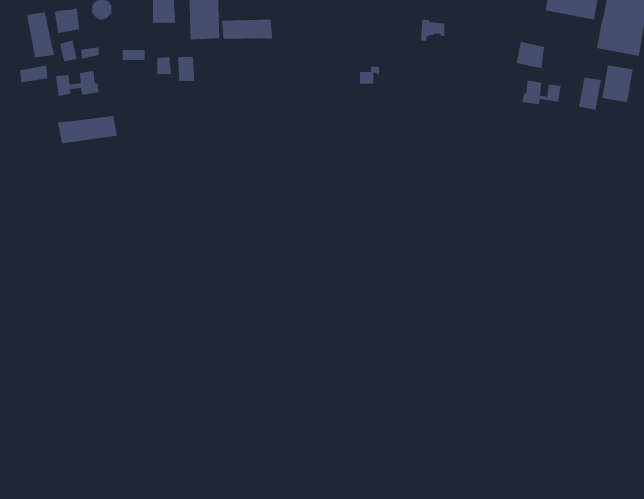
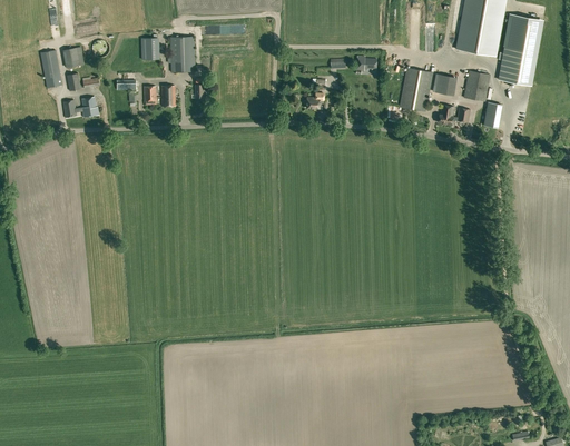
building: [222,19,273,40] -> none
building: none -> [400,68,433,111]
building: [602,65,633,102] -> [464,71,490,101]
building: [57,115,118,144] -> none

